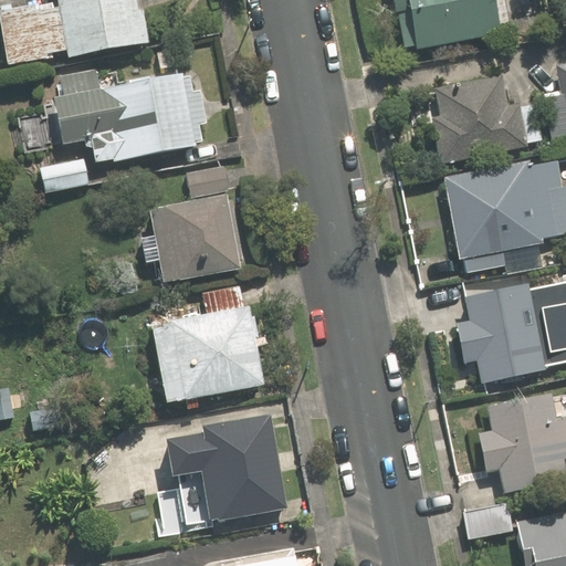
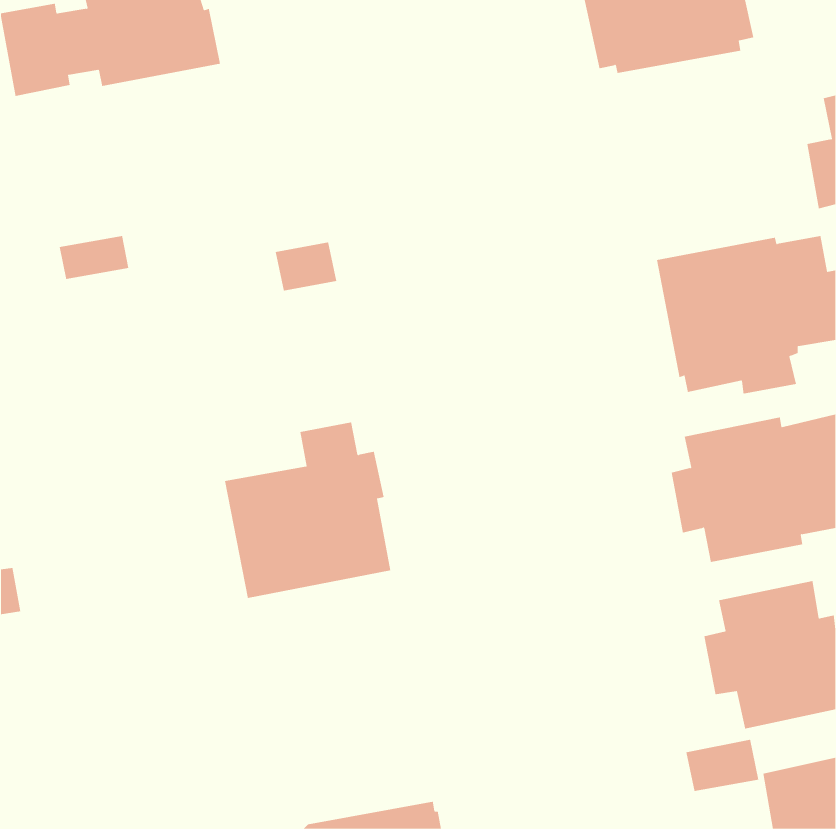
building: [56,70,207,160] -> none
building: [431,77,541,161] -> none
building: [142,196,244,283] -> none
building: [166,418,286,523] -> none

